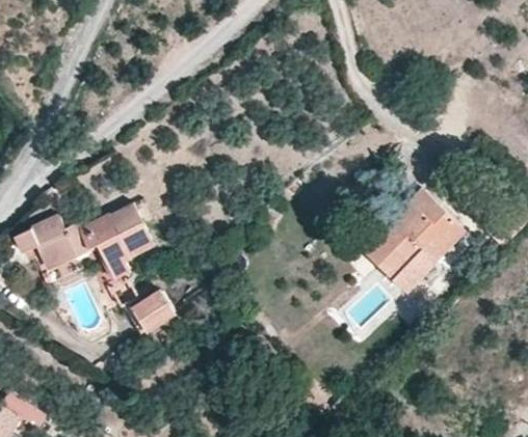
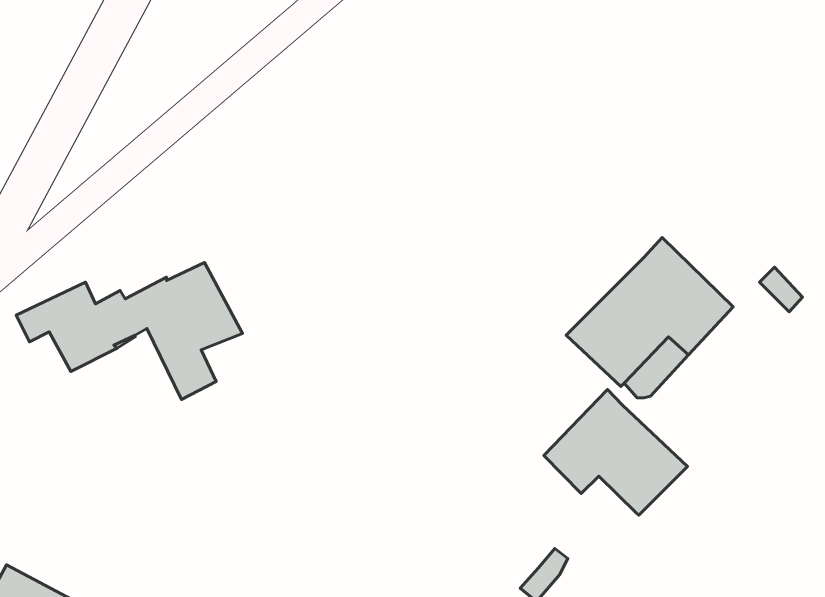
building: none -> [544,389,688,515]
building: [133,293,175,332] -> none

